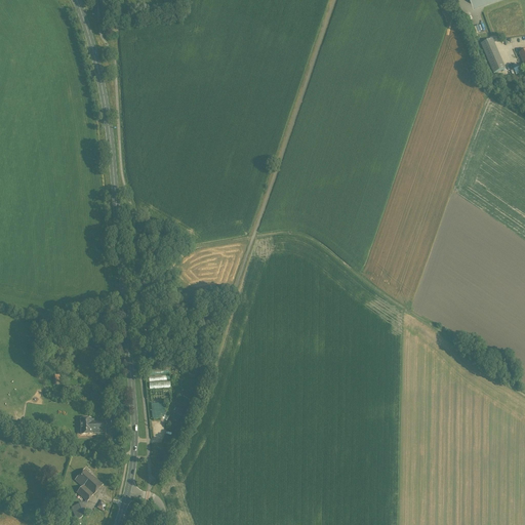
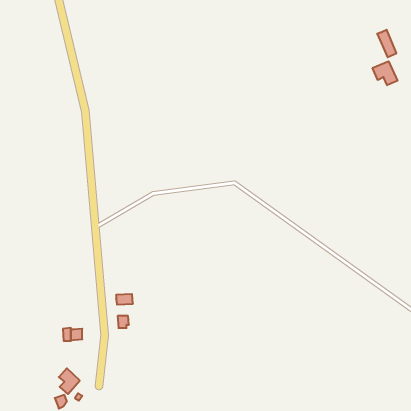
building: none -> [373,61,397,85]

